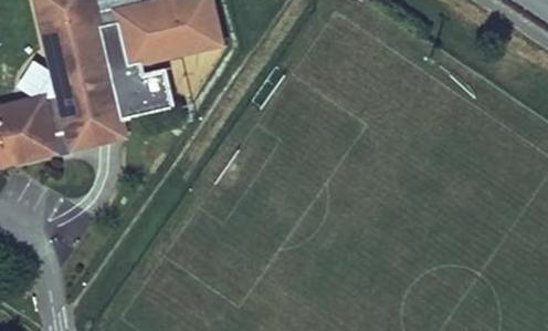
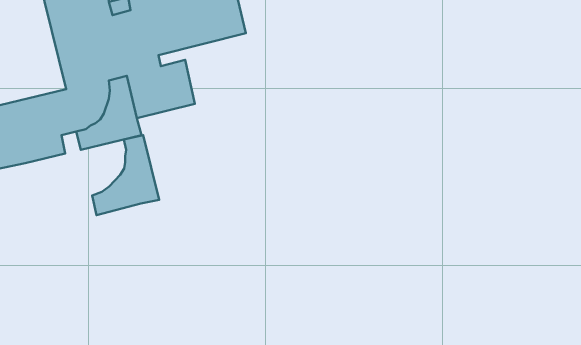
building: none -> [92,135,159,215]

